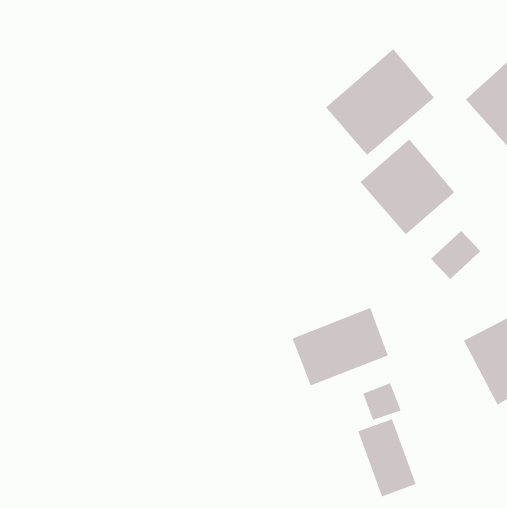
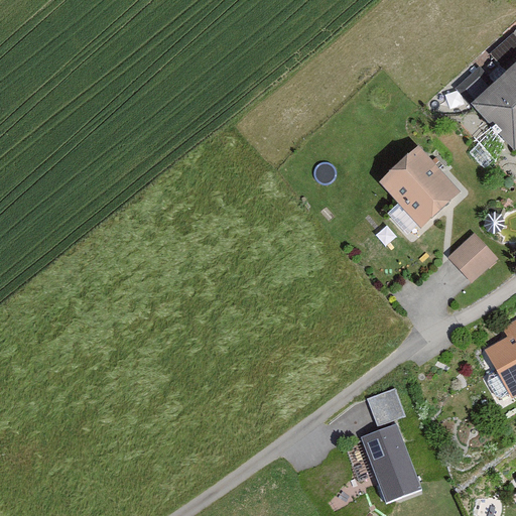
building: [325,48,435,156] -> none
building: [292,307,388,386] -> none

